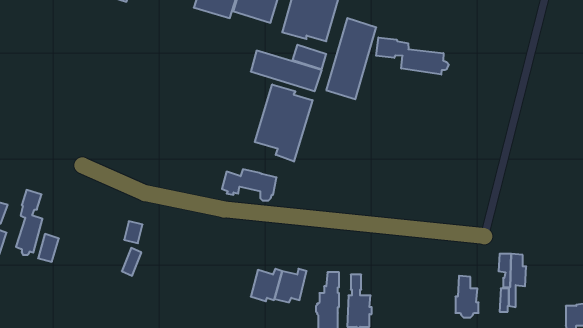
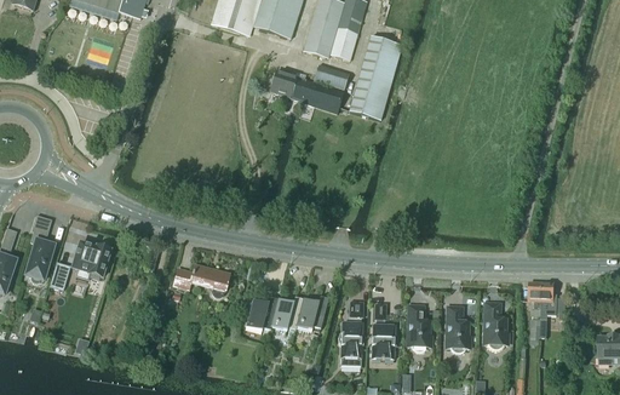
building: [376,37,449,75] -> none
building: [255,84,313,162] -> none
building: [222,169,277,201] -> [172,264,229,297]
building: none -> [71,242,109,279]
building: none -> [245,297,277,331]
building: none -> [407,307,431,350]
building: none -> [446,308,470,351]

